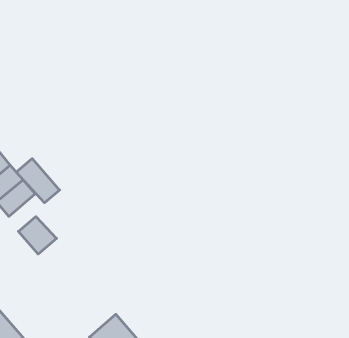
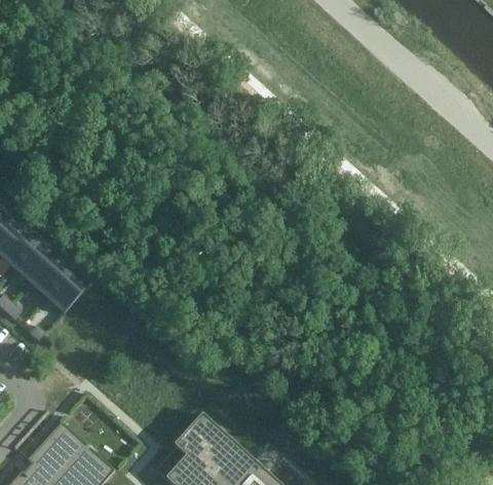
building: [16,159,60,203] -> none
building: [18,217,57,254] -> none

